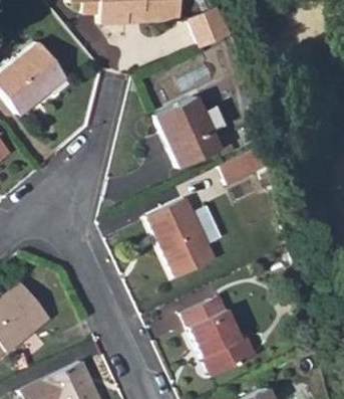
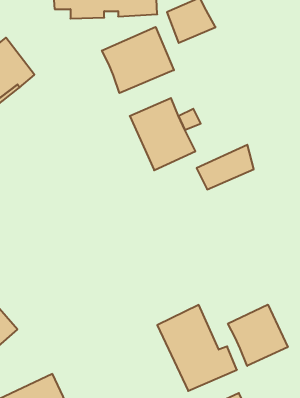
building: none -> [102,27,174,93]
building: [147,198,220,277] -> none
building: none -> [228,305,288,366]

